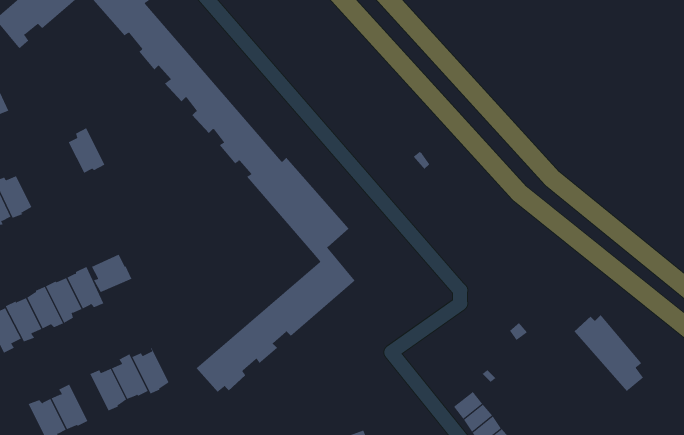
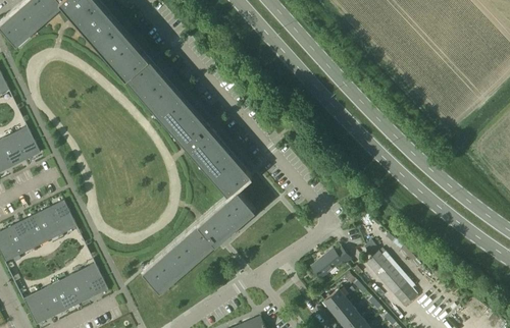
building: [68,128,105,174] -> [14,126,41,159]
building: [91,254,132,293] -> none
building: [573,314,644,392] -> [366,251,416,306]
building: none -> [311,249,351,278]
building: [131,347,170,394] -> [52,277,80,311]

